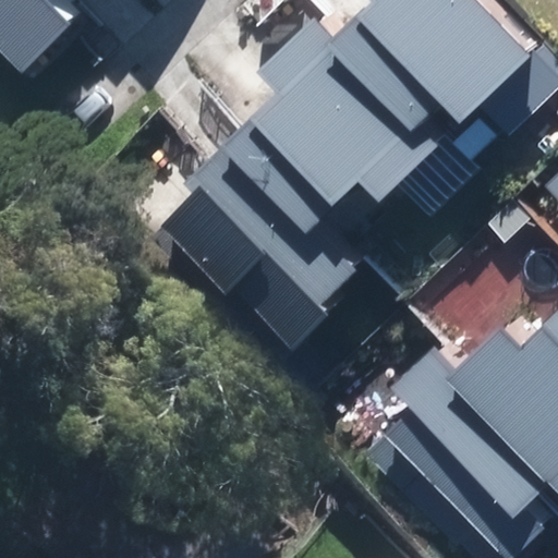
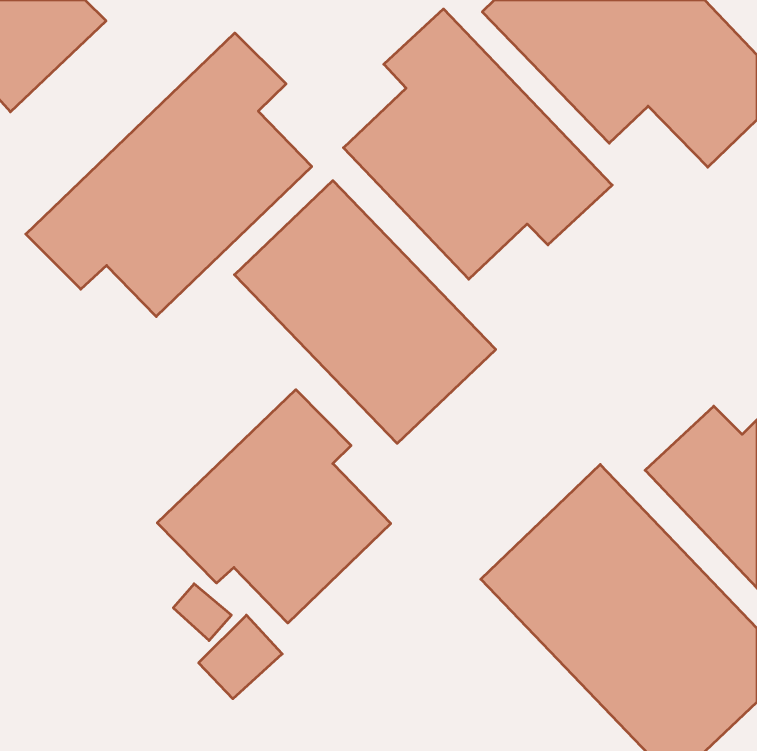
building: none -> [26,33,312,317]
building: none -> [157,390,391,623]

